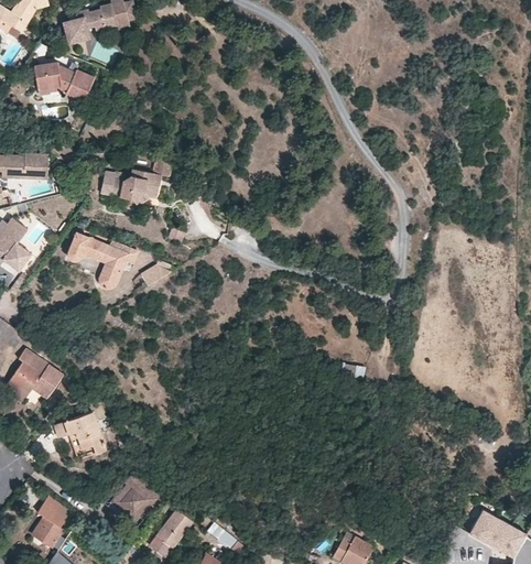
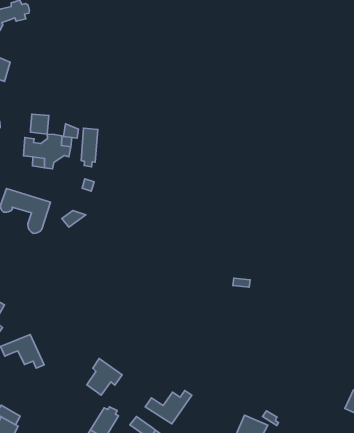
building: none -> [30,114,49,134]
building: none -> [81,128,98,167]
building: [117,471,161,517] -> [87,359,122,395]
building: none -> [145,390,192,424]

